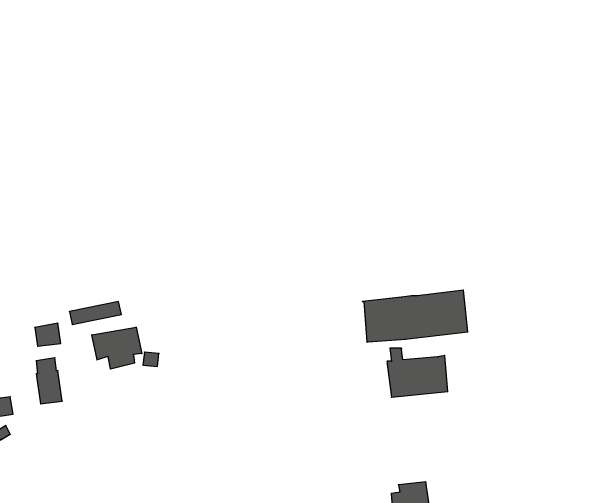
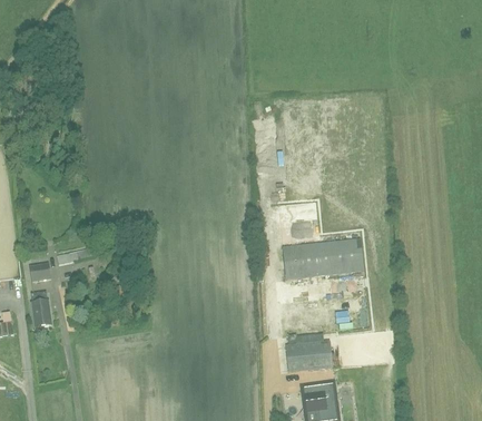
building: [92,327,142,369] -> none
building: [387,348,448,397] -> [284,333,331,371]

